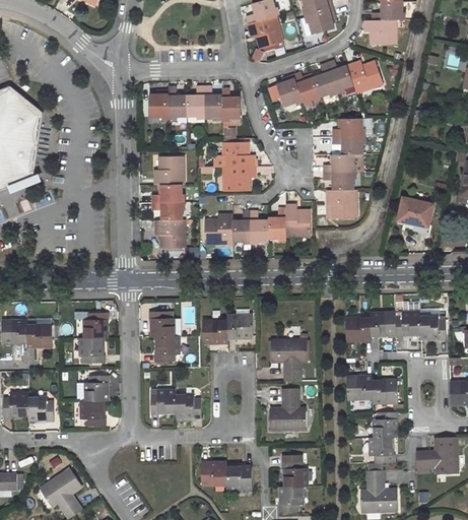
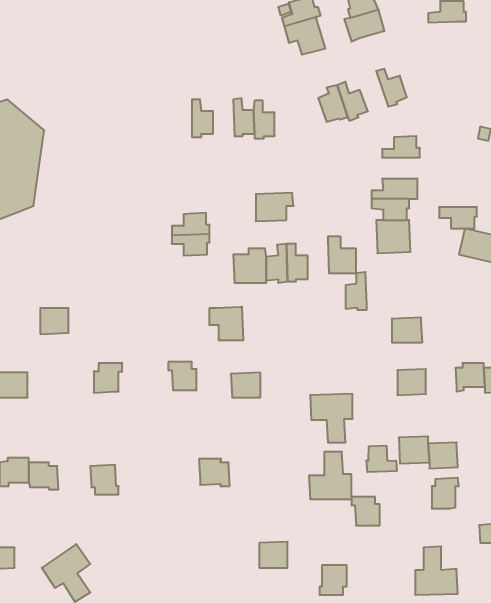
building: [363,19,396,45] -> none
building: [347,61,383,92] -> none
building: [313,62,337,96] -> none
building: [187,86,205,118] -> none
building: [149,90,169,119] -> none
building: [332,136,364,154] -> [439,207,477,228]
building: [222,142,255,168] -> none
building: [154,156,184,185] -> none
building: [268,207,286,240] -> [346,272,367,310]
building: [155,219,185,248] -> [209,307,243,340]
building: [370,313,396,334] -> [392,318,422,342]
building: [226,316,252,337] -> none
building: [27,325,52,347] -> [40,308,69,334]
building: [154,336,178,362] -> none
building: [80,337,105,363] -> none
building: [78,375,110,401] -> none
building: none -> [366,446,397,472]
building: [150,391,176,415] -> none
building: [370,438,394,462] -> none
building: [281,462,306,486] -> [351,497,380,525]
building: [201,463,226,484] -> none

